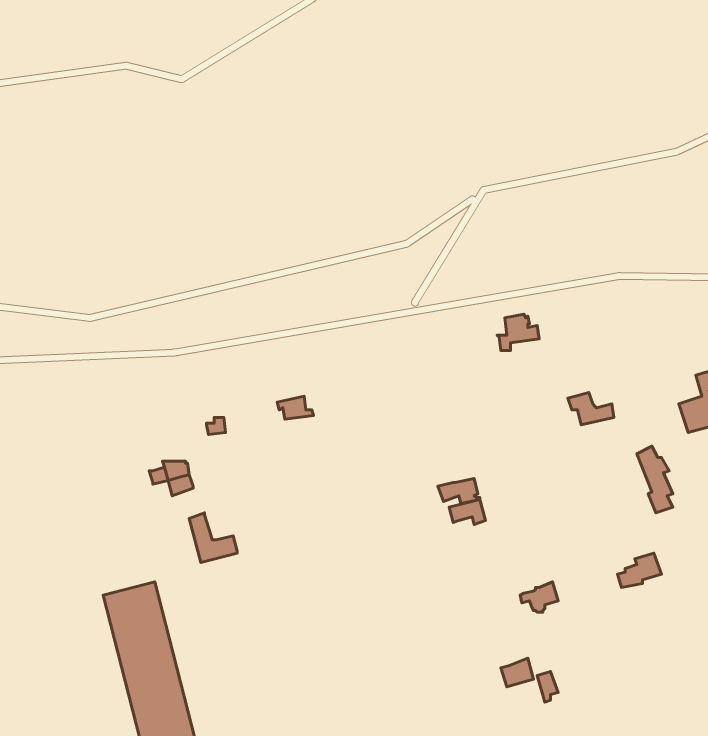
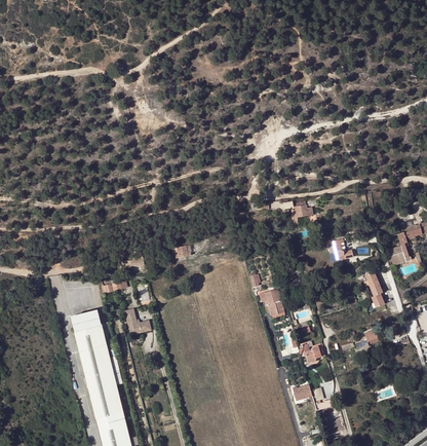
building: none -> [73,312,107,352]

